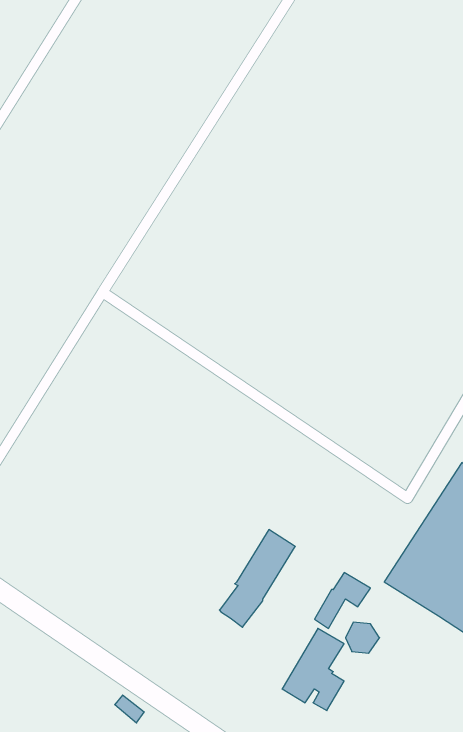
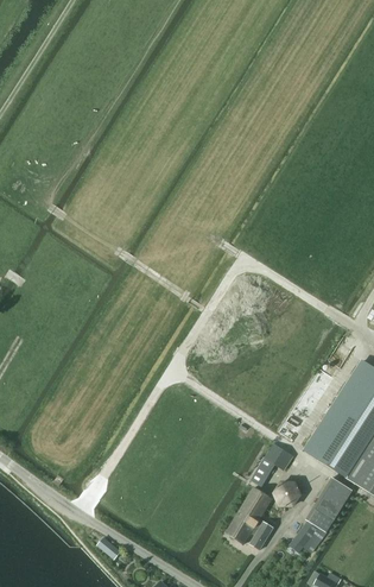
building: [219,530,295,627] -> [293,476,351,551]

